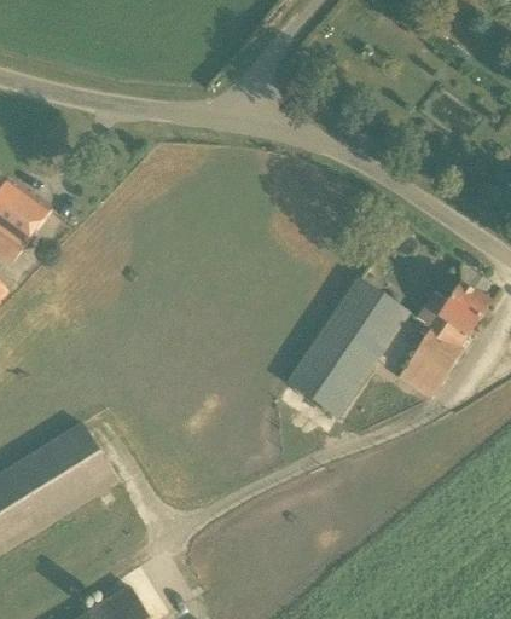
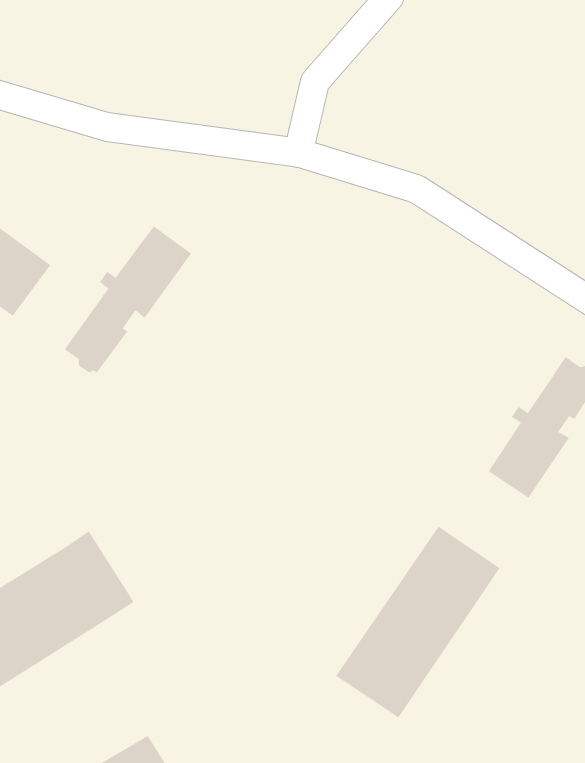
building: none -> [64,225,192,373]
building: [275,279,407,433] -> [335,526,500,718]

